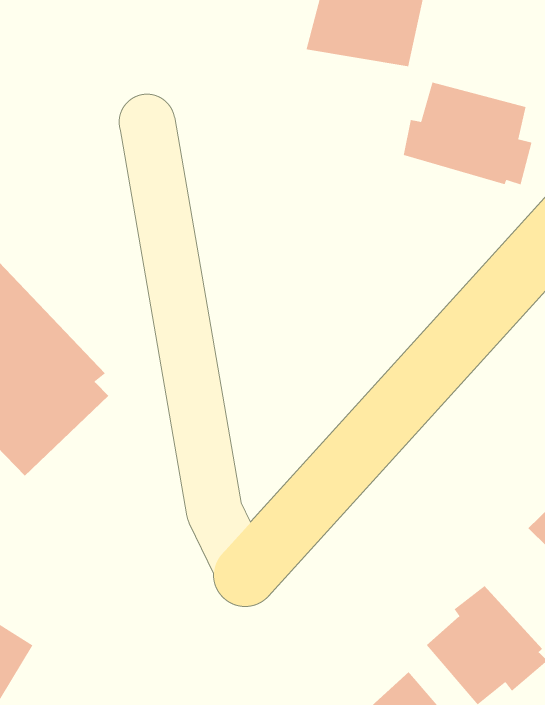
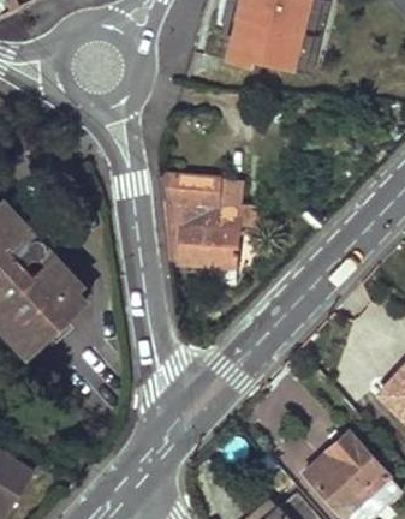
building: [403,82,532,185] -> none
building: none -> [162,175,239,267]

